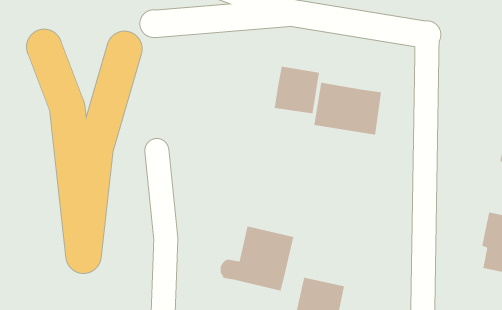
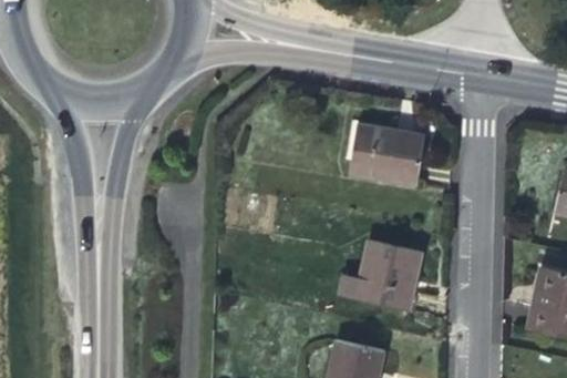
building: [274,66,320,114] -> none
building: [220,226,294,291] -> [340,239,422,311]

